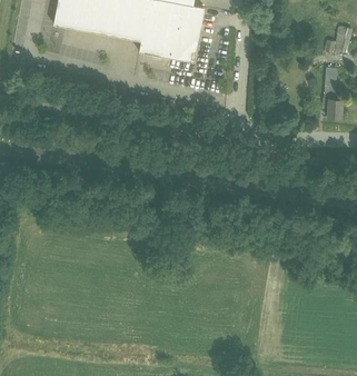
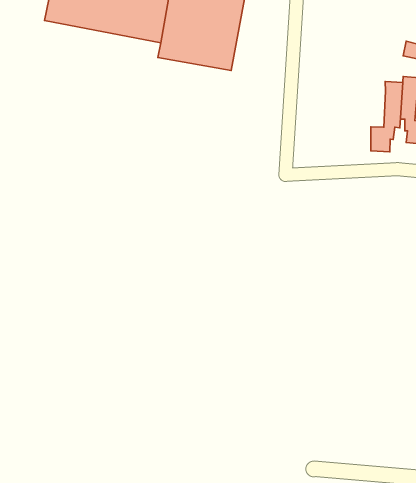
building: none -> [371,82,403,152]

